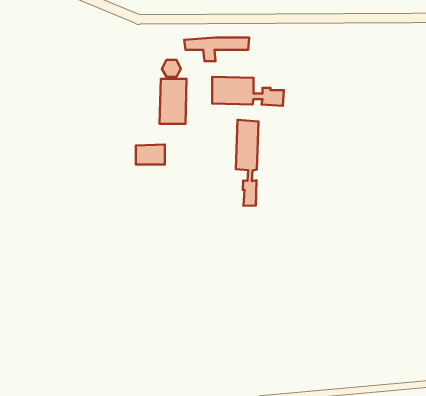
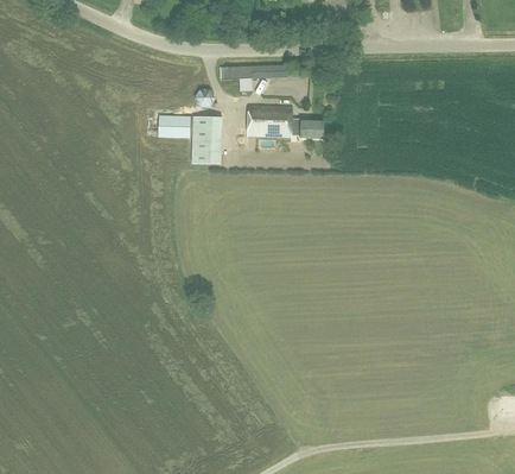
building: [236,120,259,206] -> none
building: [136,145,165,165] -> [158,116,189,138]

